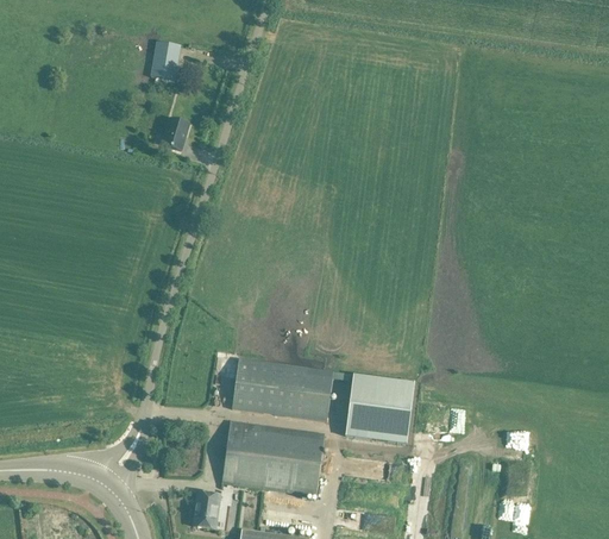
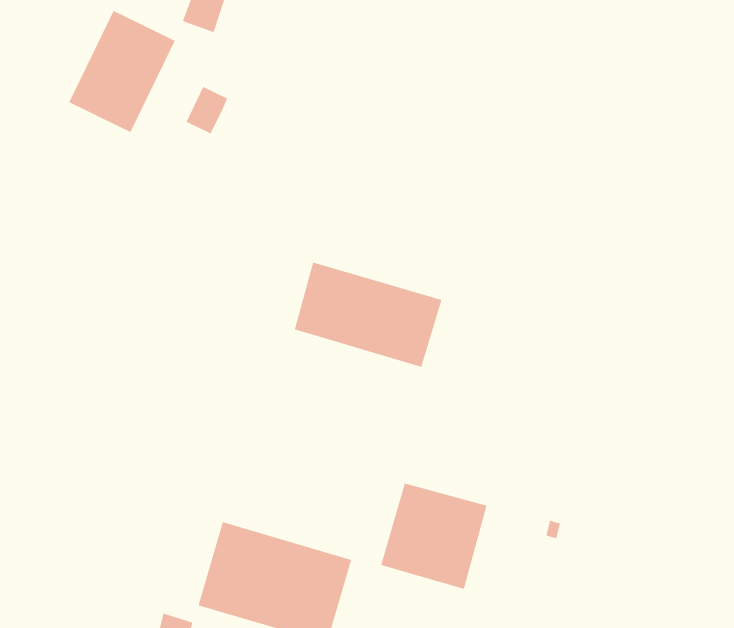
building: none -> [68,10,176,133]
building: [232,358,333,421] -> [294,261,442,368]

